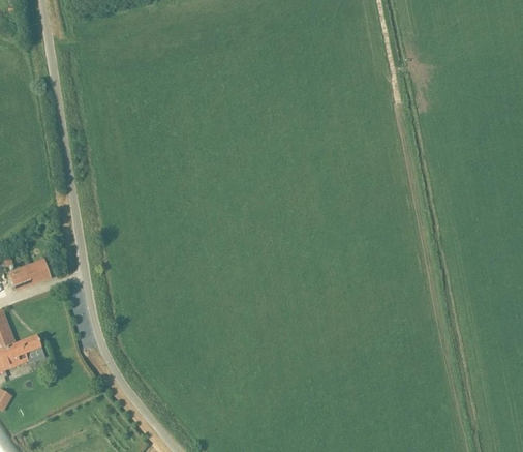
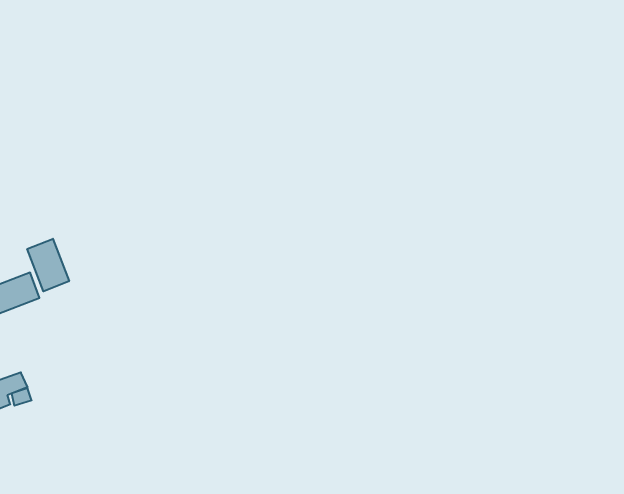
building: none -> [27,239,69,291]

